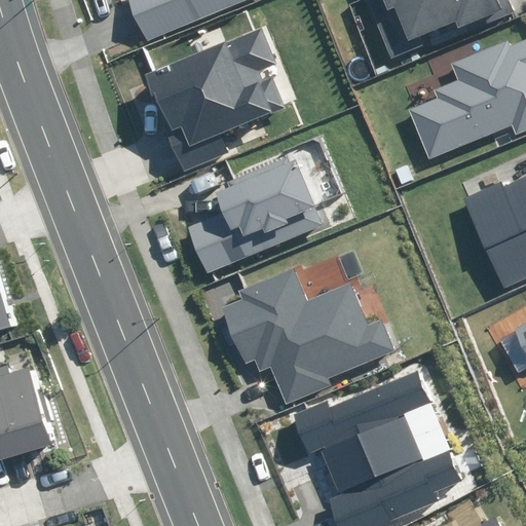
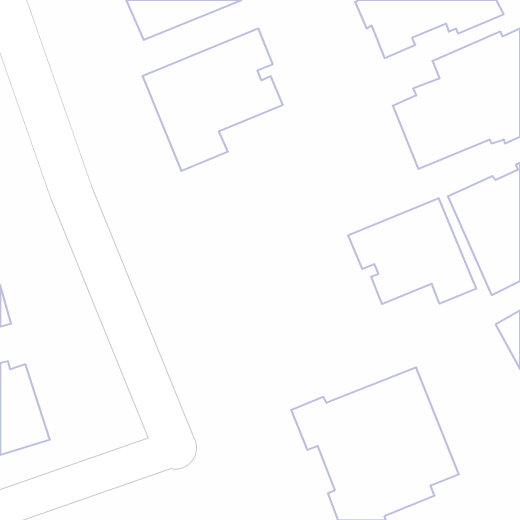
building: [188,155,323,271] -> none
building: none -> [348,198,476,304]
building: [223,268,394,405] -> none

